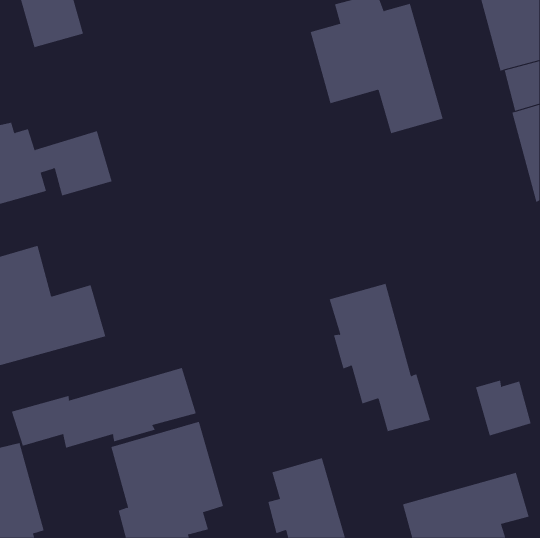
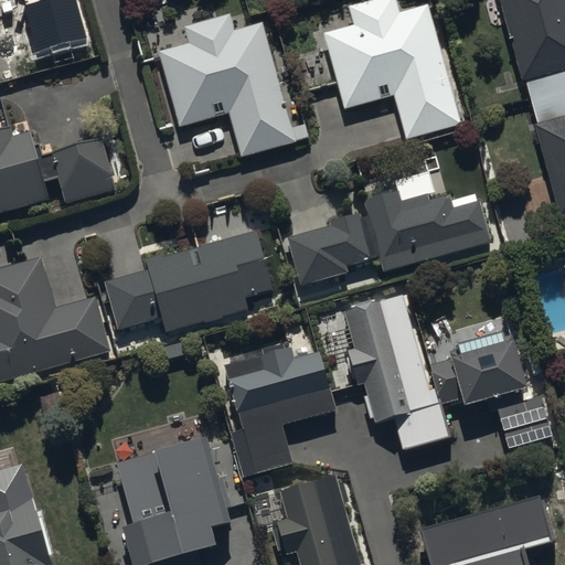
building: none -> [158,13,297,158]
building: none -> [286,191,492,285]
building: none -> [104,228,271,332]
building: none -> [430,333,527,408]
building: none -> [224,348,334,478]
building: [11,367,196,448] -> none

